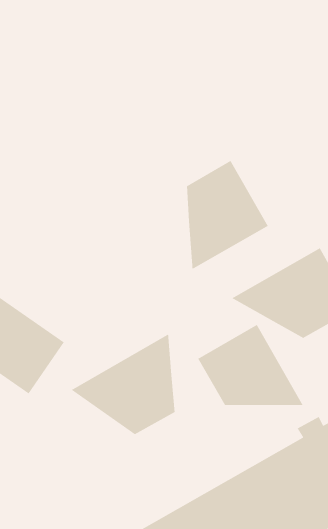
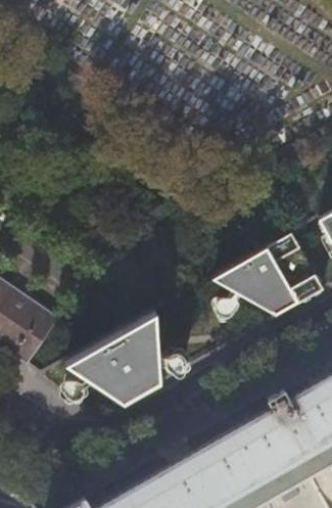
building: [186,160,269,270] -> none
building: [197,324,304,406] -> none

